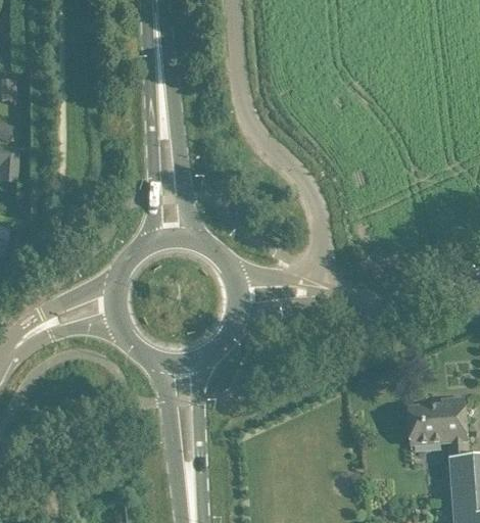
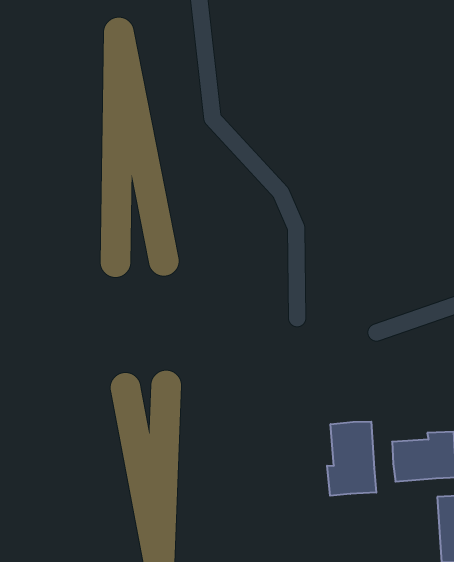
building: none -> [327,422,376,496]

